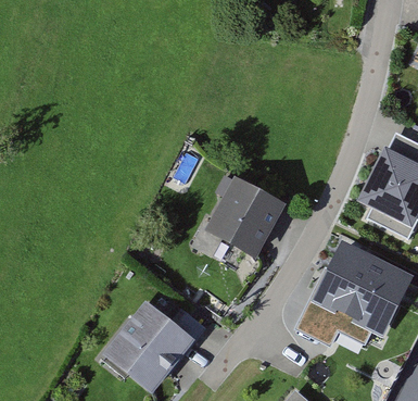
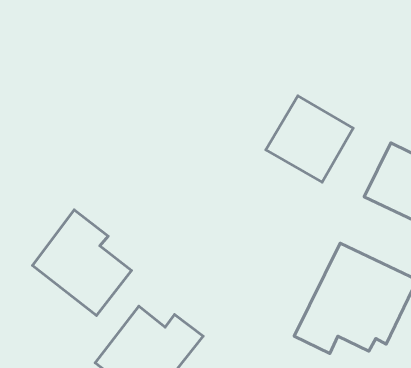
building: [206,177,289,259] -> [266,96,353,182]
building: none -> [33,210,132,316]

